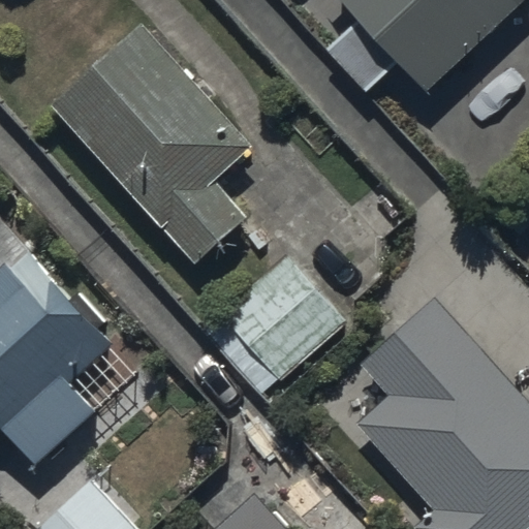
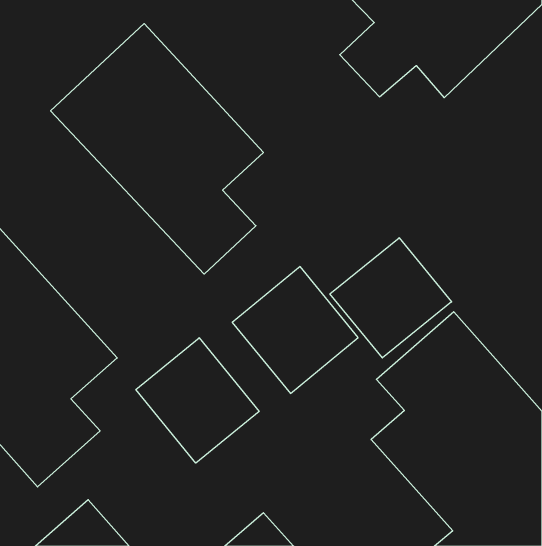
building: none -> [330,238,452,358]
building: none -> [136,338,259,463]

